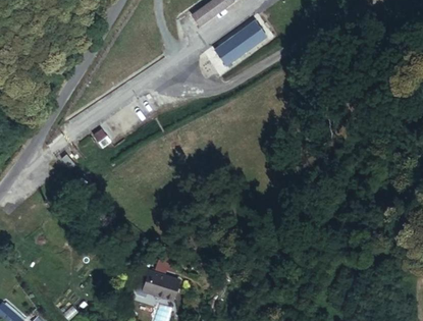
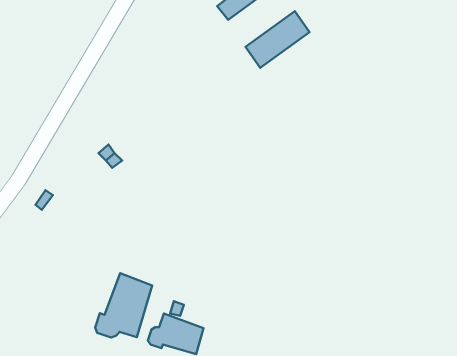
building: none -> [95,273,152,337]

